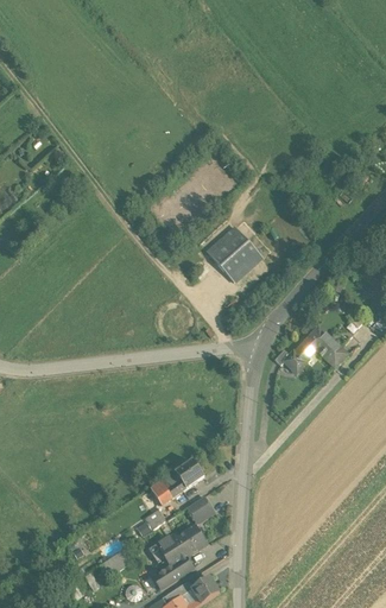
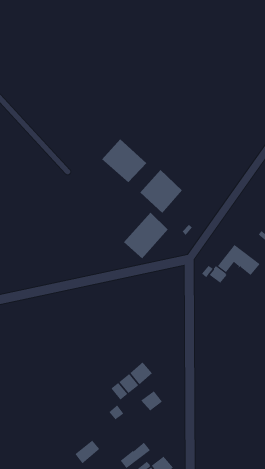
building: none -> [101,139,147,183]
building: none -> [123,212,168,259]
building: [157,524,207,565] -> none

